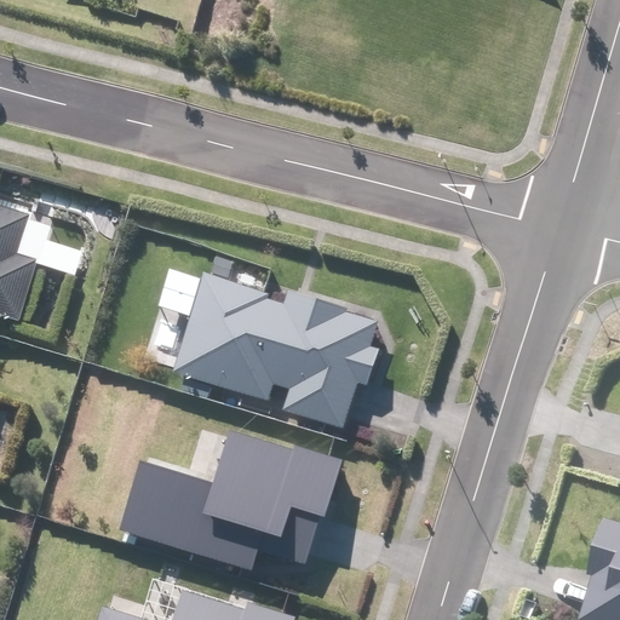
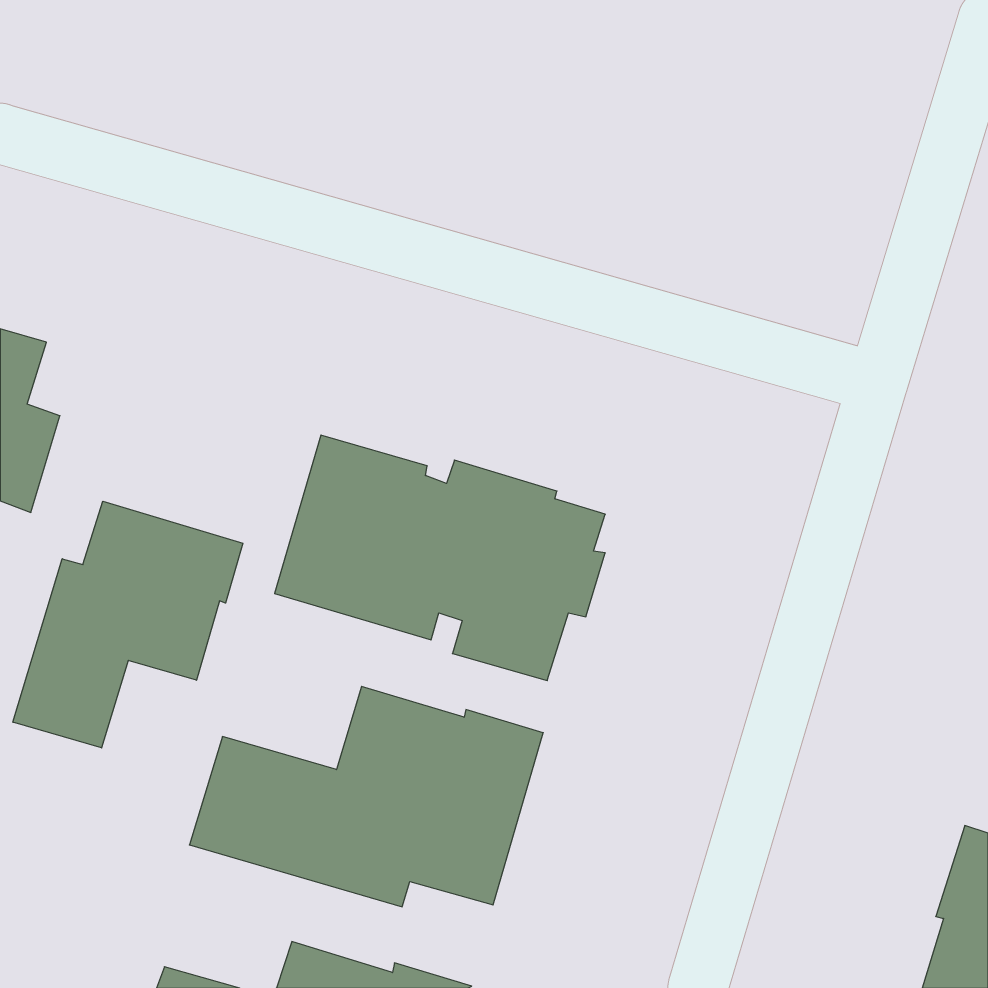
building: none -> [13,501,243,748]

